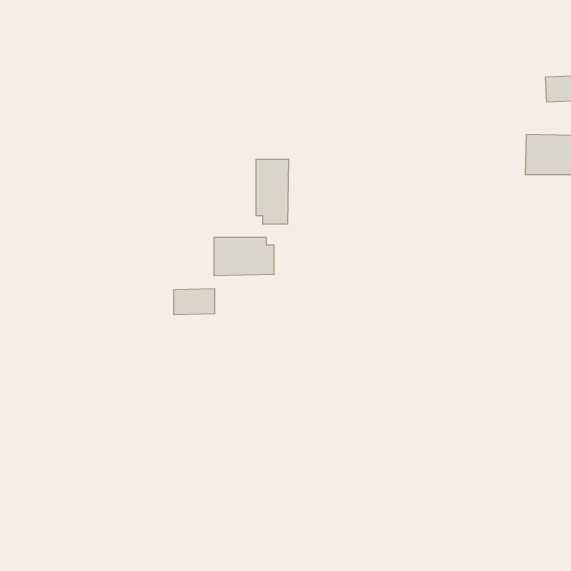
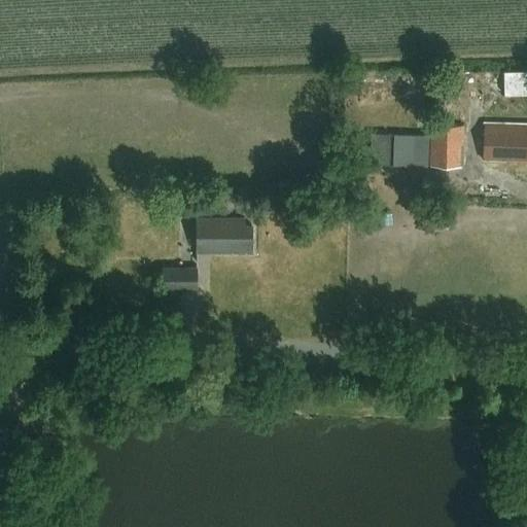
building: none -> [372,127,463,166]
building: [256,159,288,224] -> none

